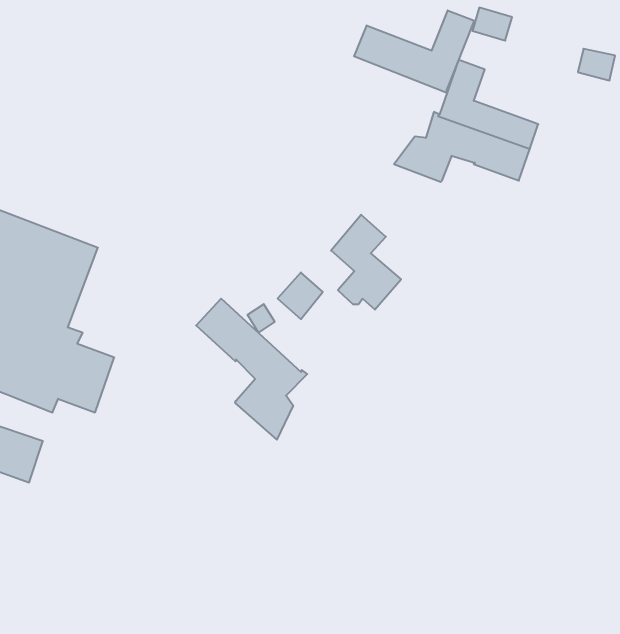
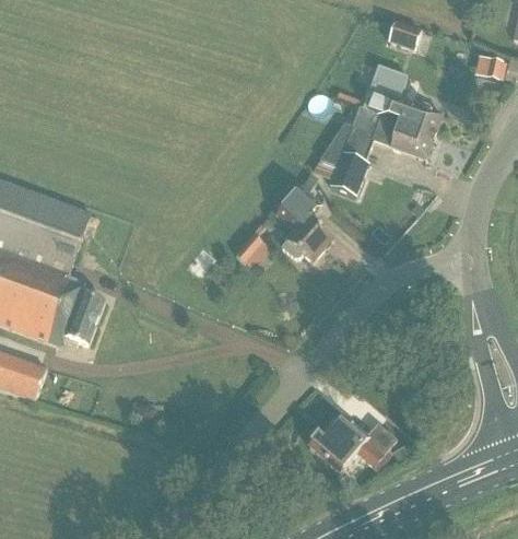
building: [354,10,474,93] -> none
building: none -> [309,145,368,195]
building: [196,299,307,440] -> none
building: none -> [308,414,397,472]

